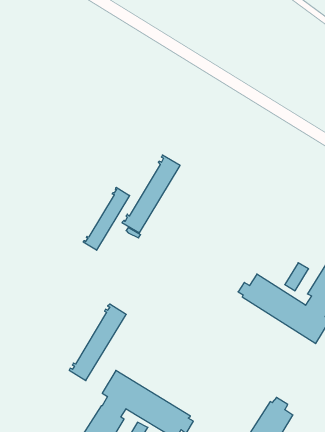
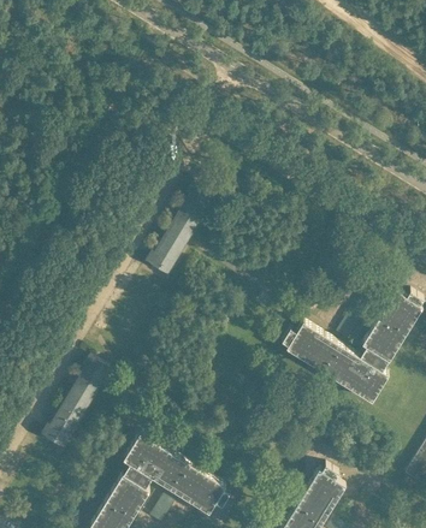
building: [83,187,130,250] -> none
building: [69,304,126,381] -> [42,358,108,447]

